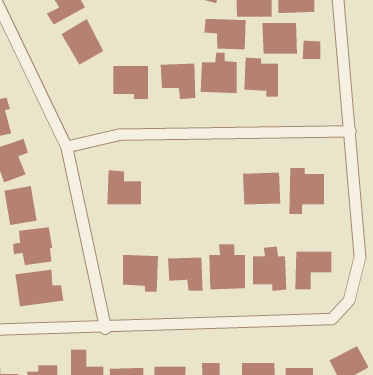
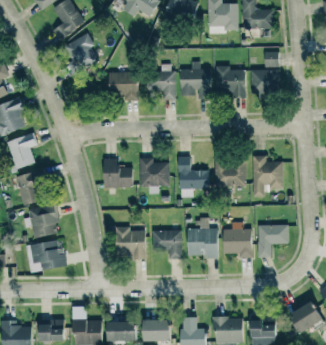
building: [204,18,246,50] -> none
building: [262,23,298,54] -> [251,69,281,95]
building: none -> [141,157,171,193]
building: none -> [180,157,209,197]

